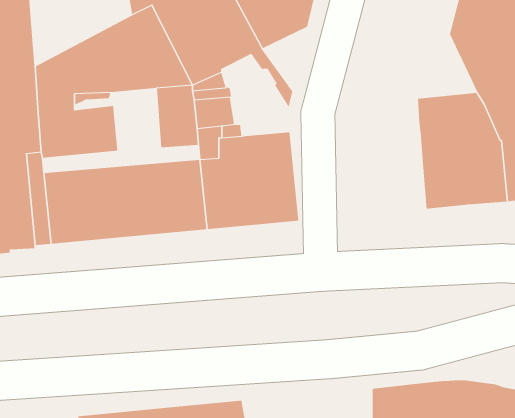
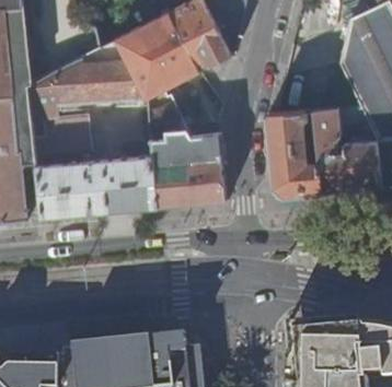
building: none -> [269,109,323,196]

